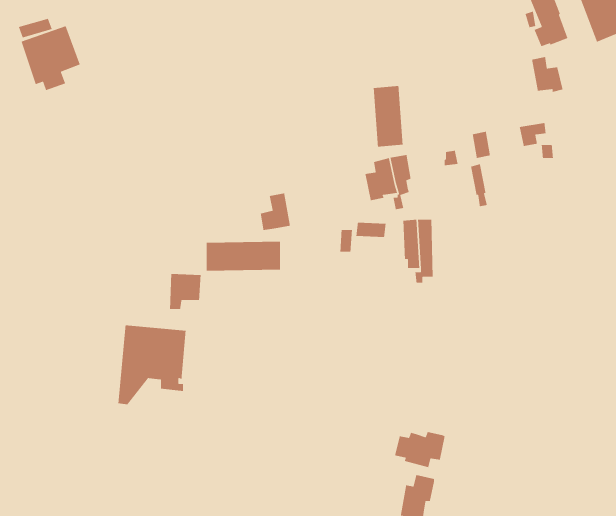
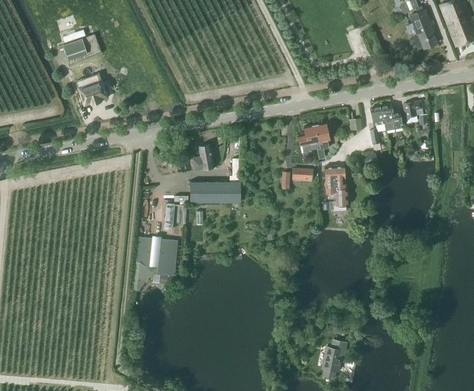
building: [531,56,564,93] -> [381,104,403,129]
building: [373,85,403,147] -> none
building: none -> [83,79,106,103]
building: [260,193,291,231] -> [193,144,214,170]
building: [394,431,446,468] -> none

